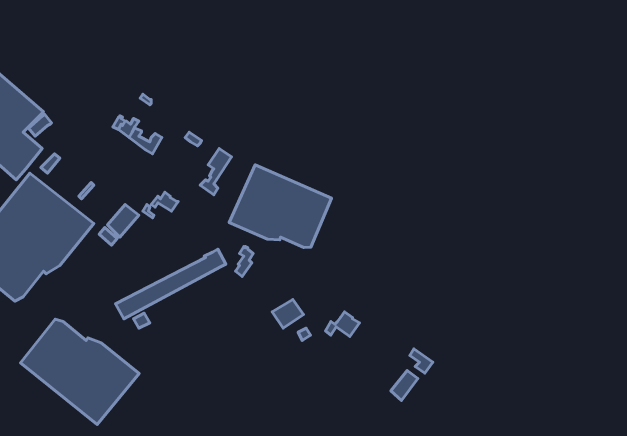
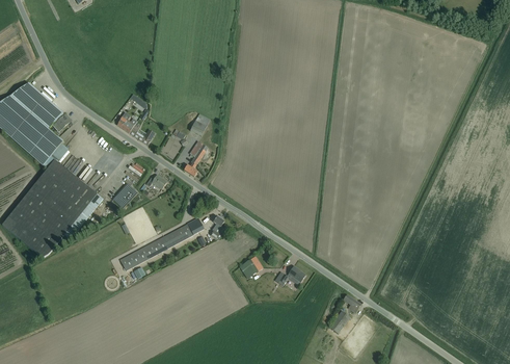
building: [229,165,332,247] -> none
building: [21,319,139,425] -> none

